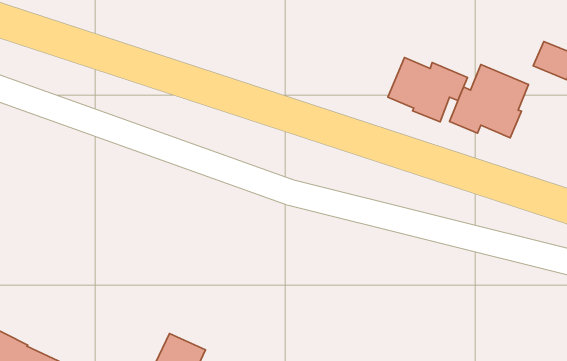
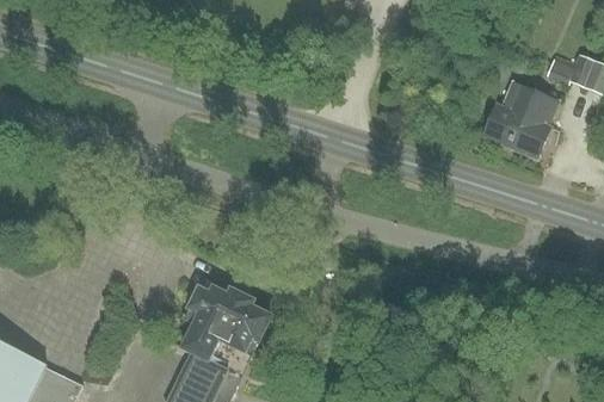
building: [388,58,467,122] -> none
building: none -> [181,289,270,360]

